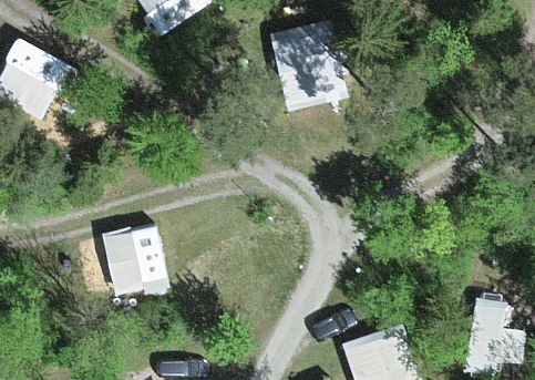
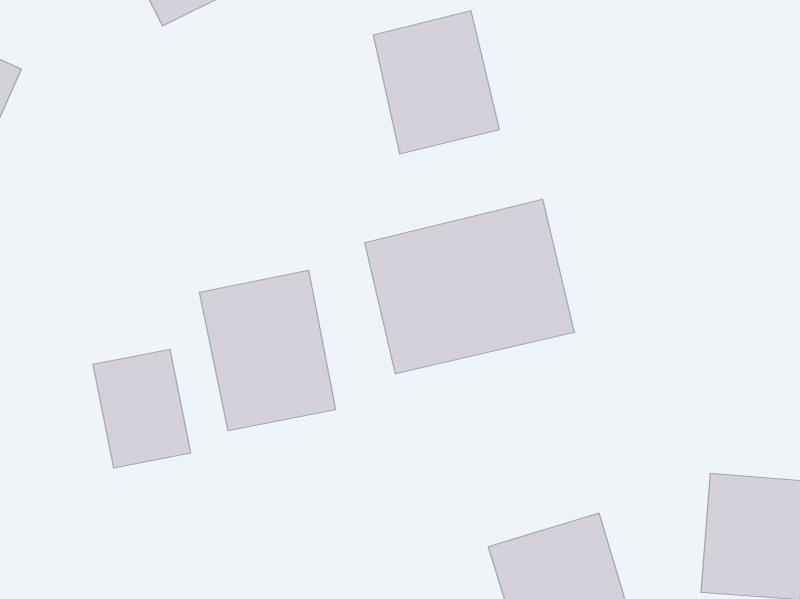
building: none -> [365,199,574,374]
building: none -> [200,270,336,431]

